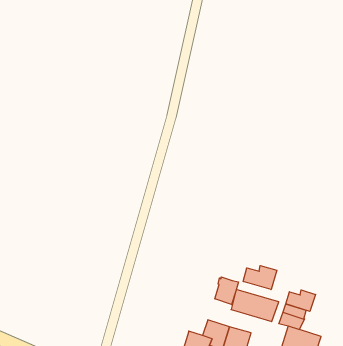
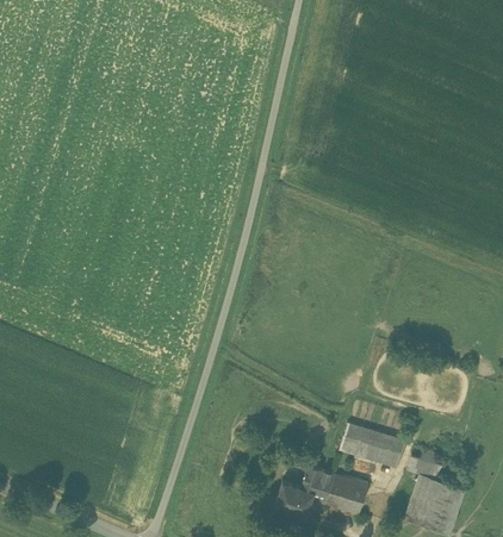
building: [243,266,277,290] -> none
building: [215,277,238,305] -> none
building: [286,290,316,311] -> none

